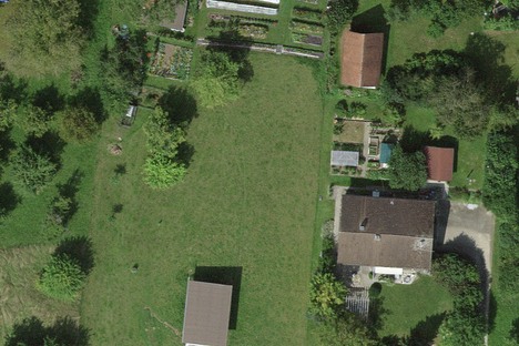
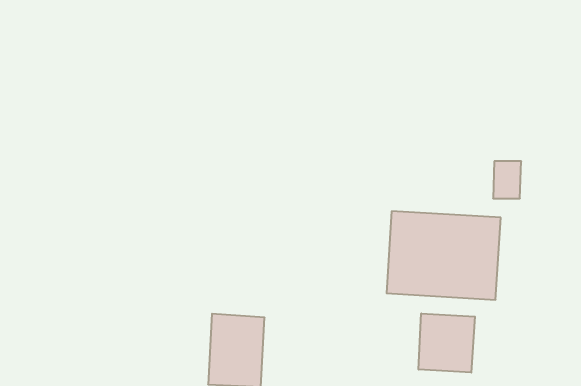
building: [340,31,383,87] -> none
building: none -> [419,313,475,373]

